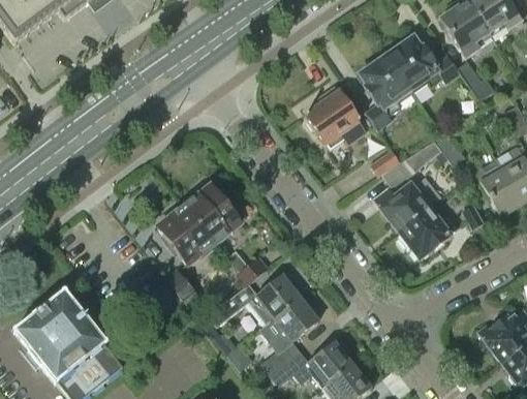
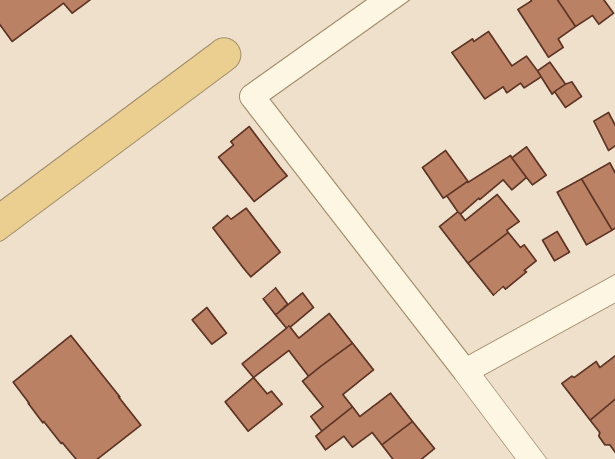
building: [359,53,413,129] -> none
building: [305,87,367,148] -> none
building: [158,201,216,264] -> [219,127,287,201]
building: none -> [225,377,282,431]

